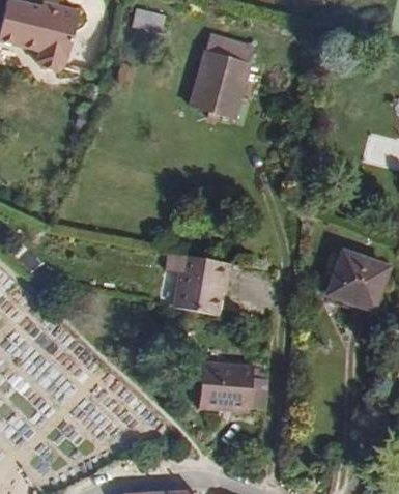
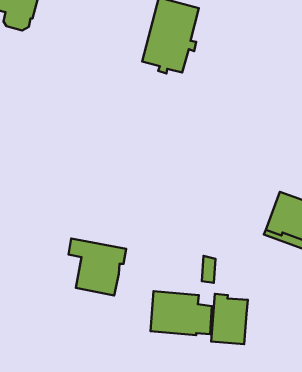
building: [166,252,230,315] -> [68,239,126,295]
building: none -> [211,294,248,344]

